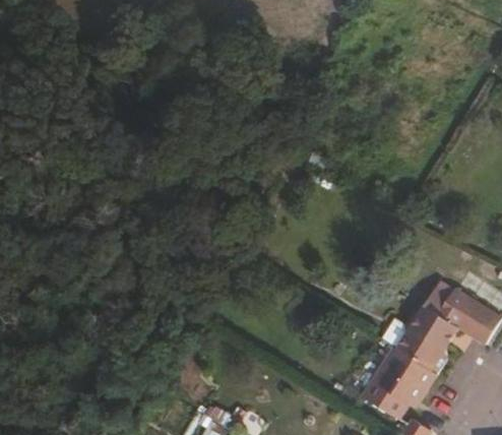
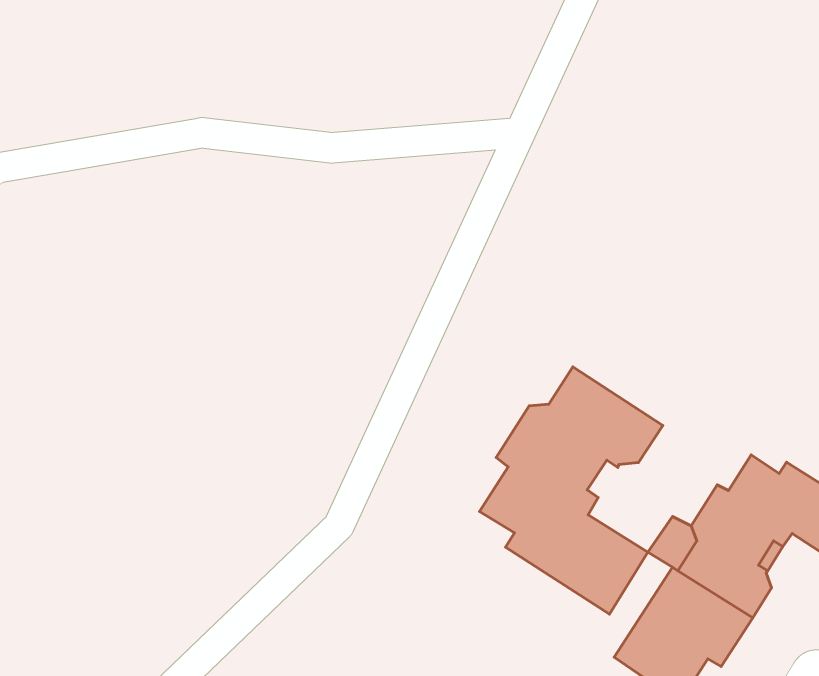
building: none -> [479,367,663,614]

